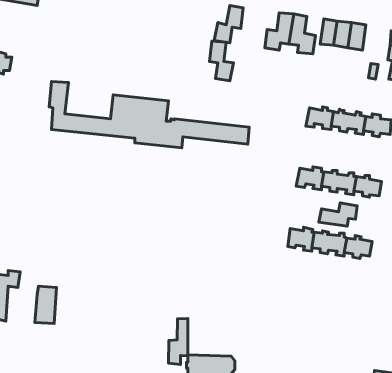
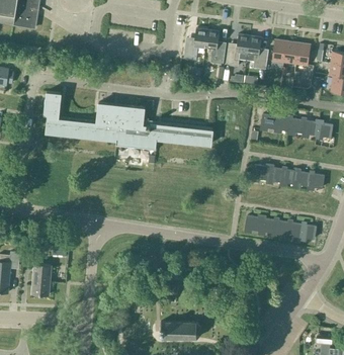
building: [209,41,234,81] -> [205,30,226,64]
building: [319,203,357,226] -> none
building: [168,318,188,365] -> none

